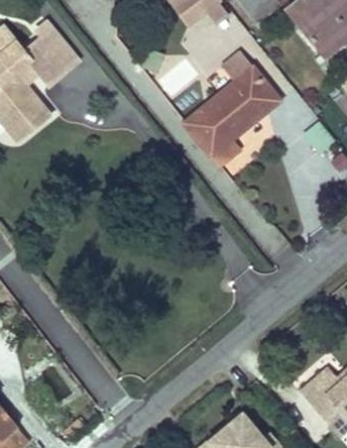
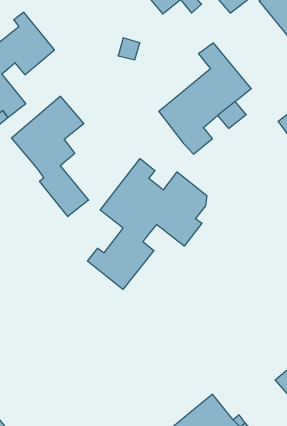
building: none -> [12,96,89,217]
building: none -> [88,159,207,289]

